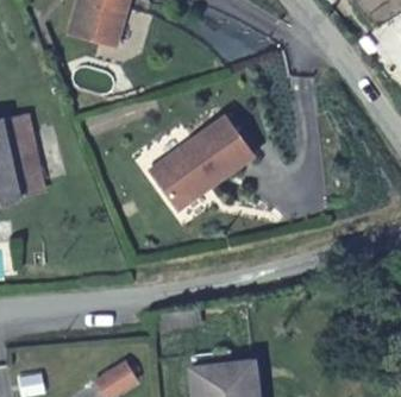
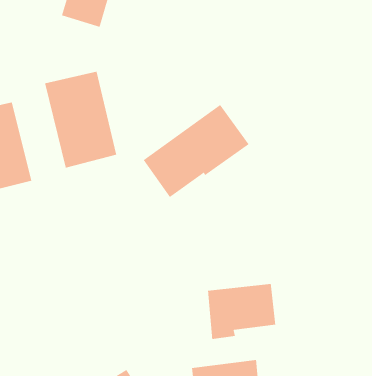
building: none -> [45,71,117,168]
building: none -> [208,283,276,340]

